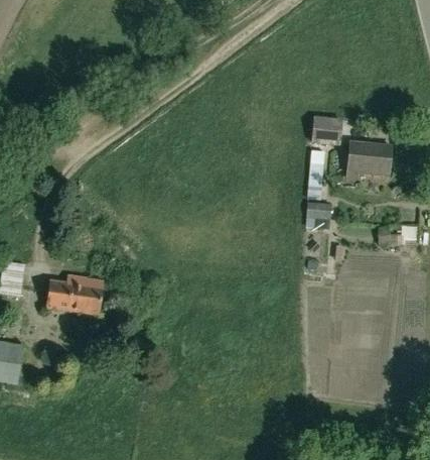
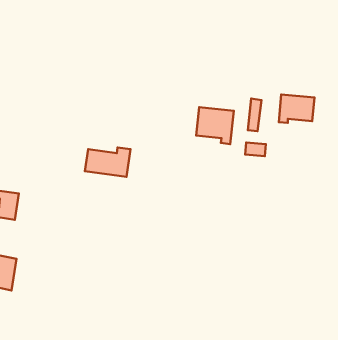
building: [313,115,341,141] -> none
building: none -> [196,107,234,144]
building: [46,277,103,314] -> [85,148,131,177]

